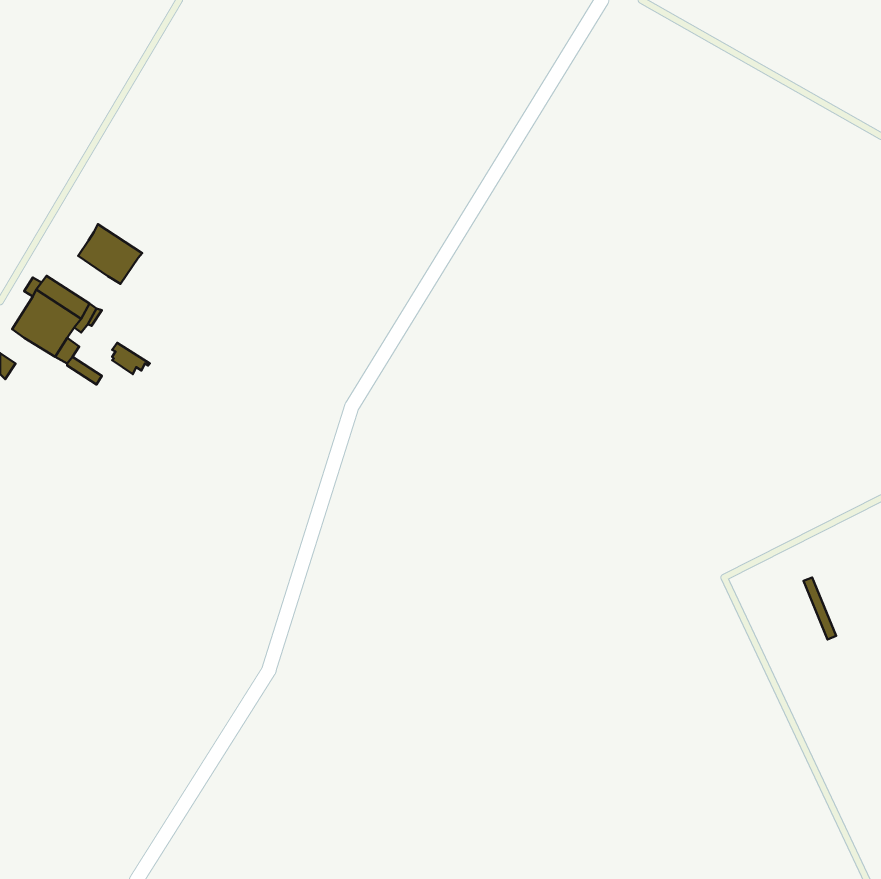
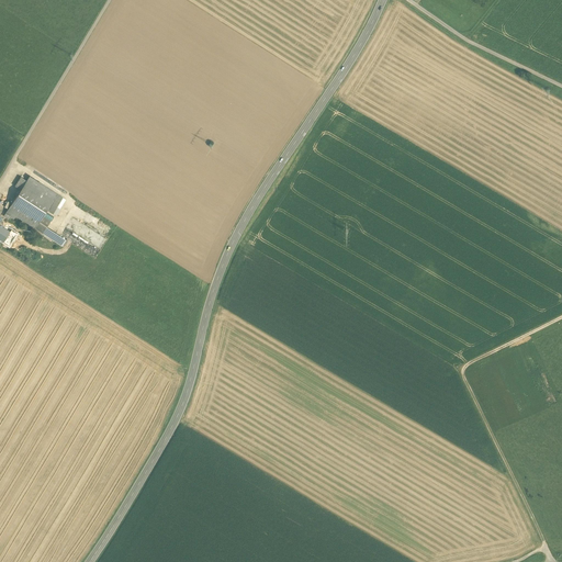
building: [78,224,142,284] -> none

